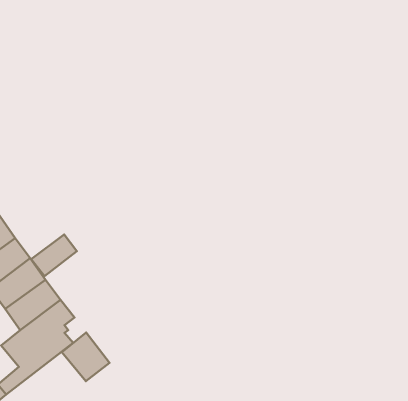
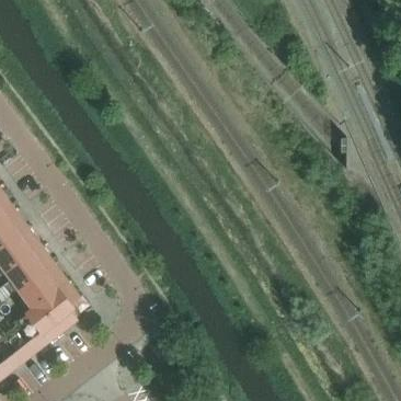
building: [31,234,77,276] -> none
building: [62,333,110,381] -> none

